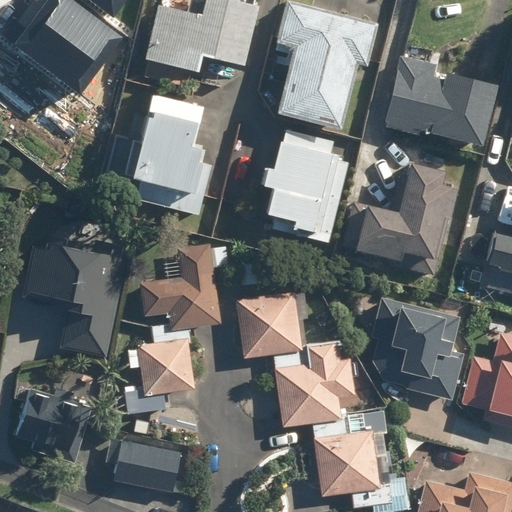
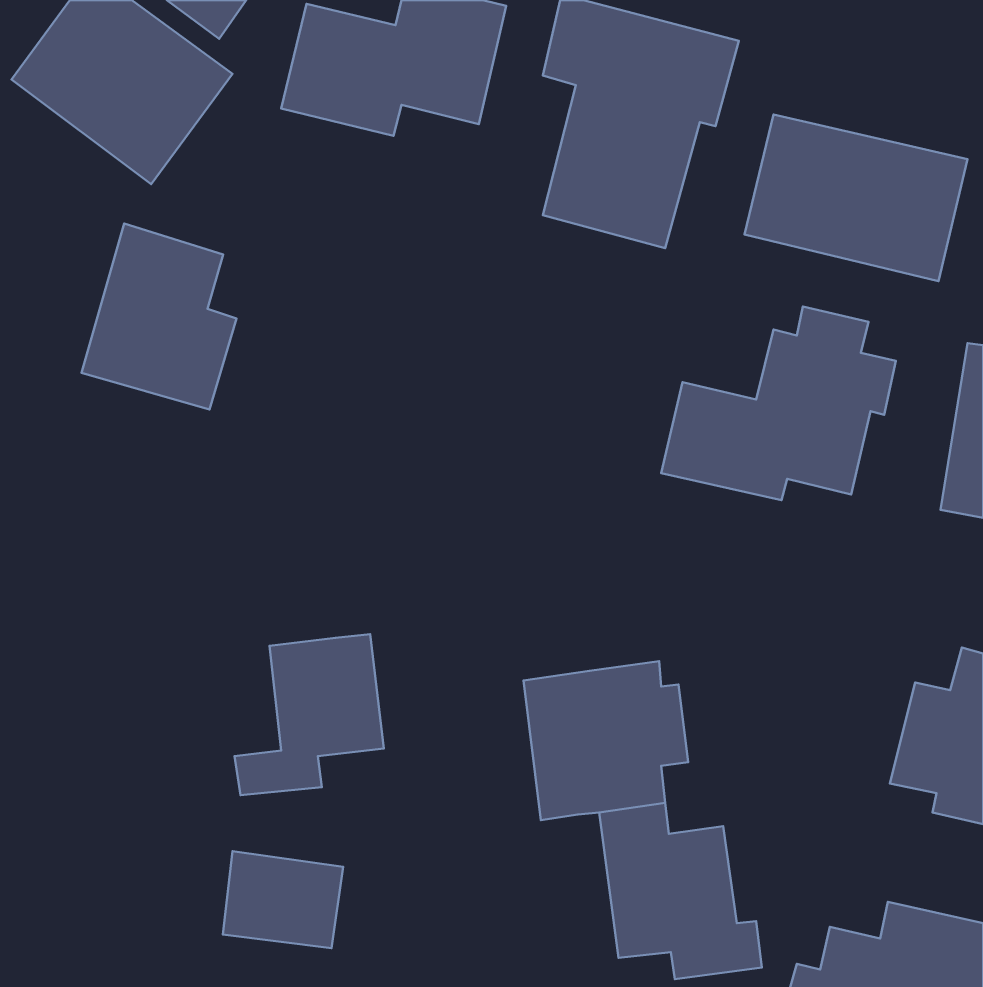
building: [132,99,212,195] -> [82,223,237,410]
building: [259,141,344,241] -> none
building: [28,236,126,357] -> none
building: [135,244,229,331] -> none
building: [235,288,304,356] -> none
building: [366,295,466,399] -> none
building: [14,382,84,456] -> none

